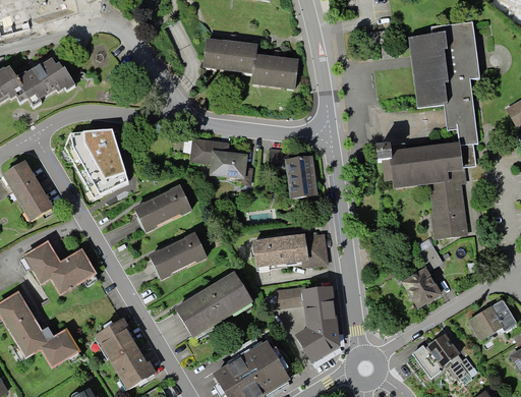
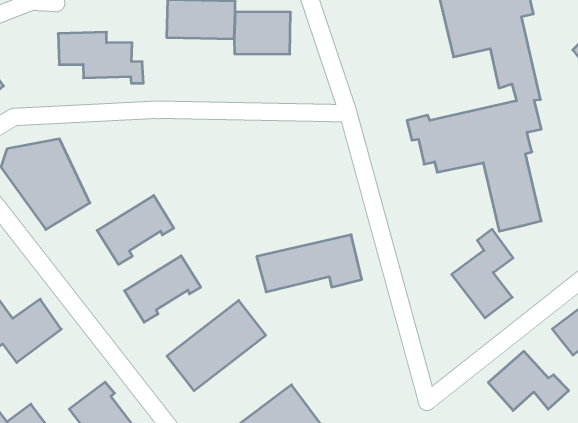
building: [191,139,254,184] -> [58,32,143,83]
building: [269,149,316,197] -> none
building: [277,284,338,362] -> none

